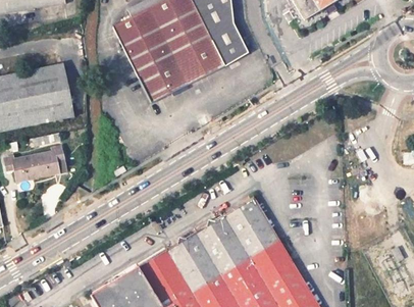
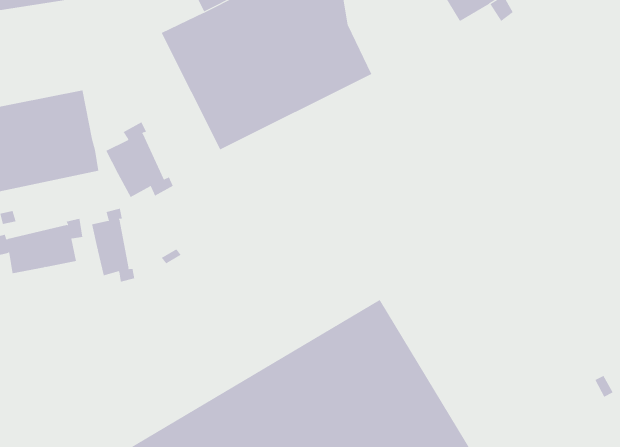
building: none -> [105,122,173,198]
building: none -> [91,208,135,282]

